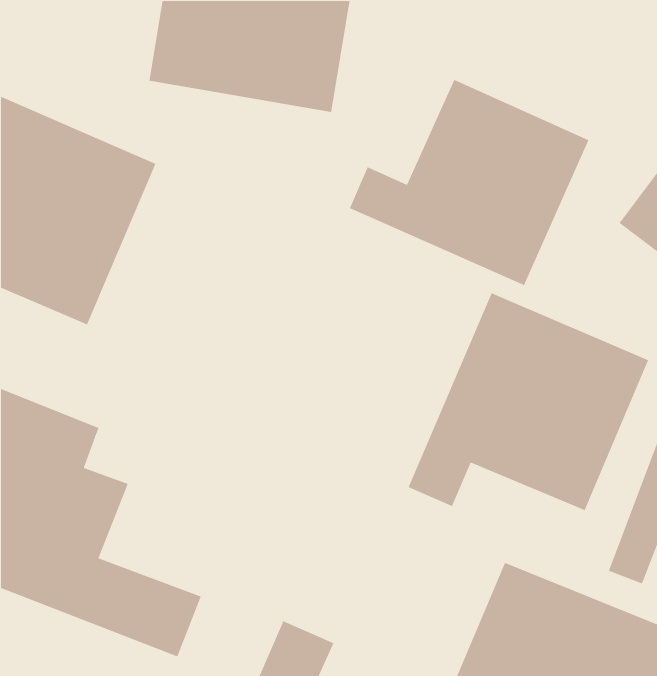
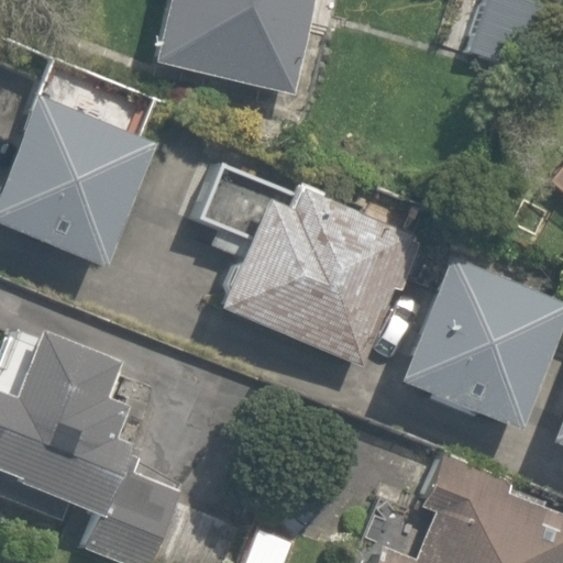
building: [349,79,589,286] -> none
building: none -> [210,172,411,360]

